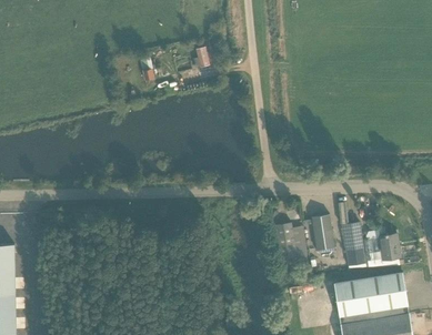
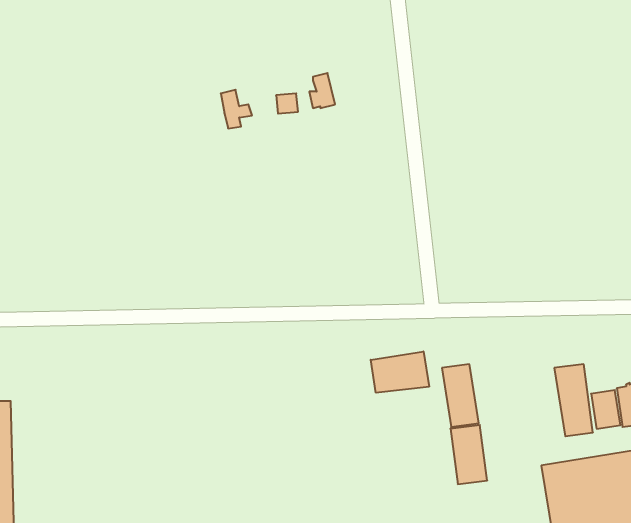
building: [311,215,333,251] -> [450,425,487,484]
building: none -> [371,351,429,393]

